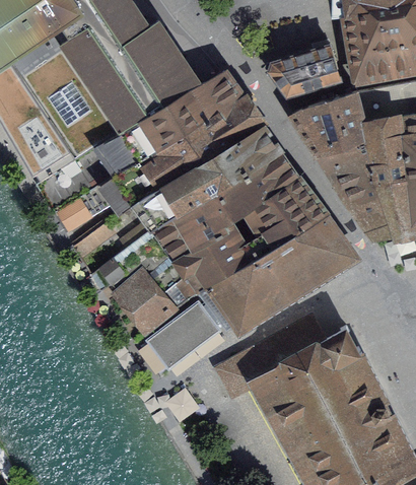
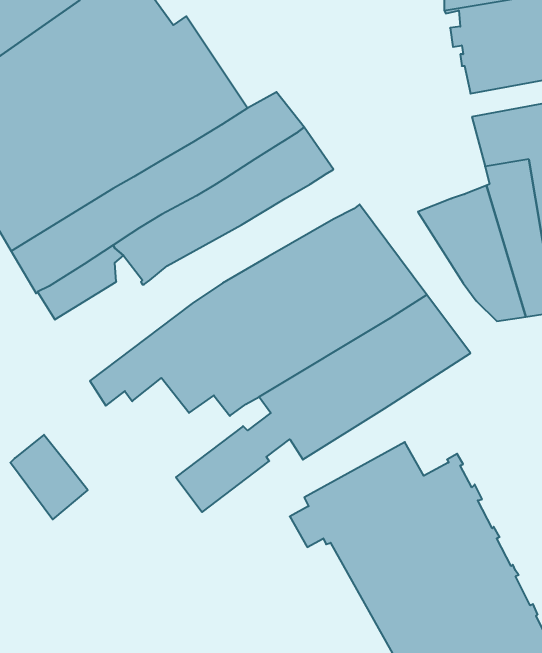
building: [270,46,342,98] -> none
building: [294,93,370,159] -> none
building: [134,130,280,232] -> none
building: [119,275,172,334] -> [10,435,88,519]

